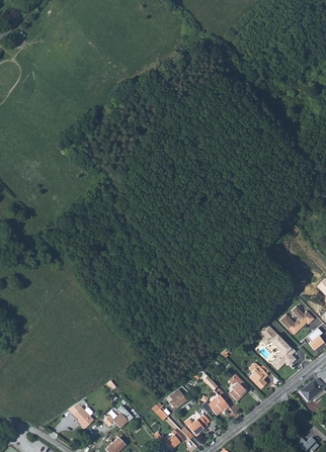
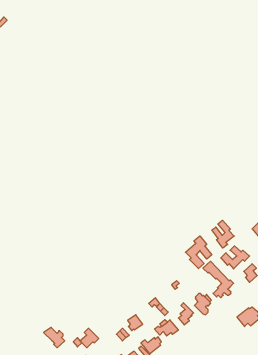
building: none -> [212,220,234,248]
building: none -> [185,236,212,269]

